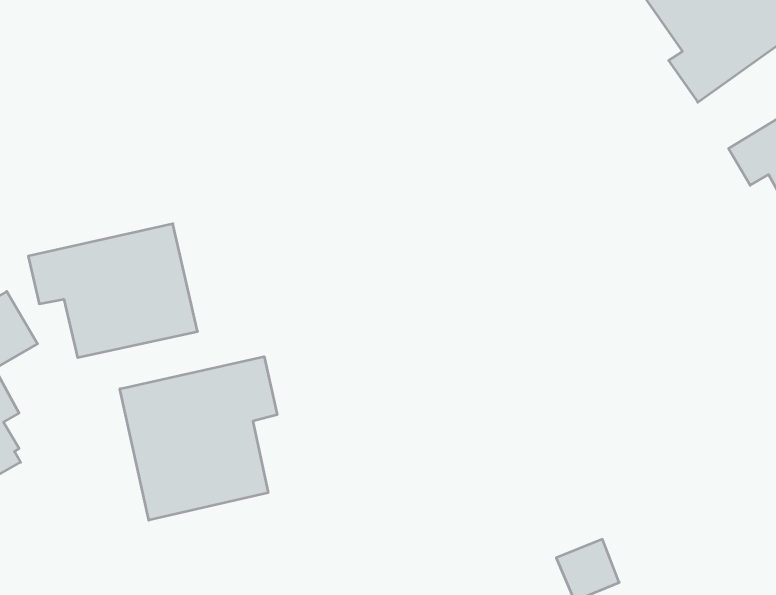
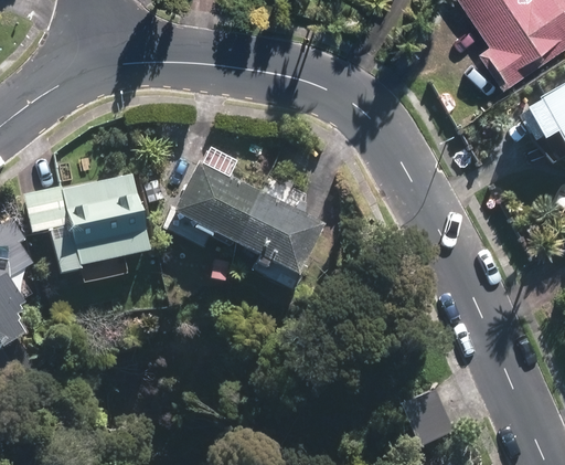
building: none -> [175,160,322,273]
building: [120,357,277,520] -> none

